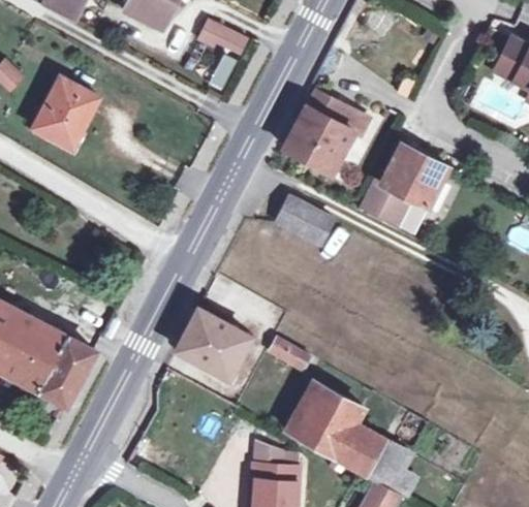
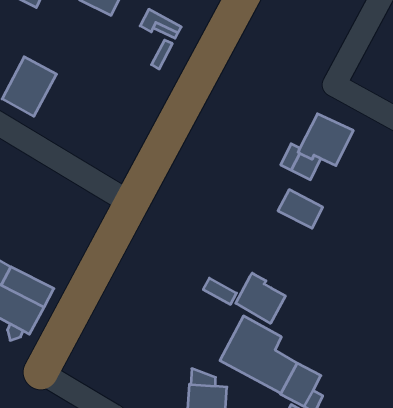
building: [282,89,367,171] -> none
building: [278,196,331,242] -> [278,190,323,228]
building: [177,308,249,376] -> none
building: none -> [236,273,285,323]

